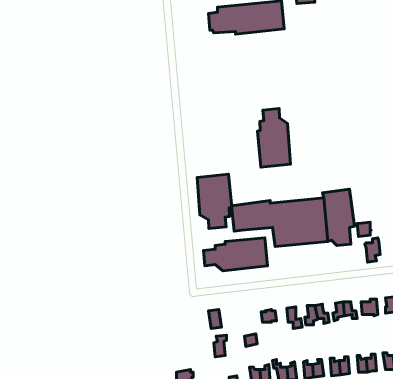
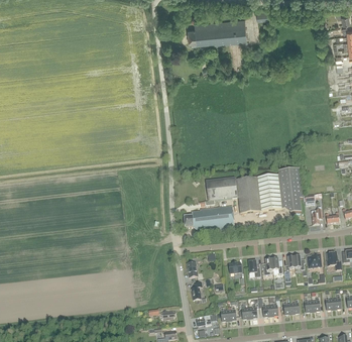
building: [258,109,290,167] -> none
building: [197,174,232,229] -> none

